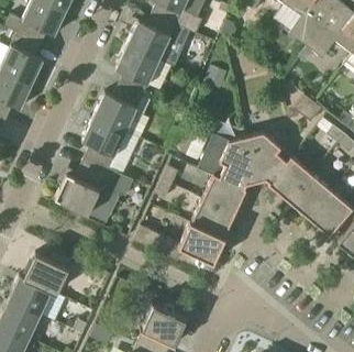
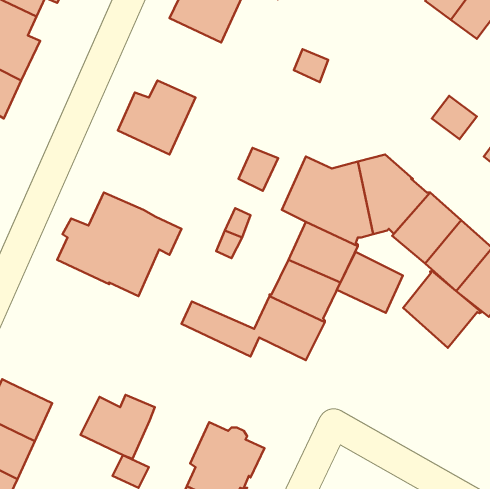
building: [115,44,159,95] -> none
building: [82,116,126,166] -> none
building: none -> [337,252,403,313]
building: none -> [403,271,481,348]
building: [24,251,71,292] -> [81,395,155,459]

